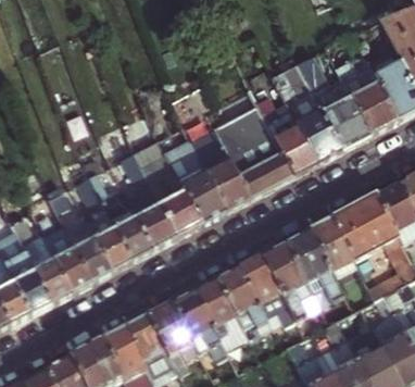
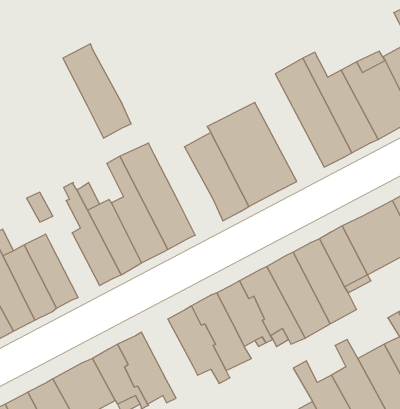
building: [246,75,316,175] -> none
building: [162,138,224,224] -> [63,44,131,138]
building: [67,222,112,280] -> none
building: [150,300,197,355] -> none

